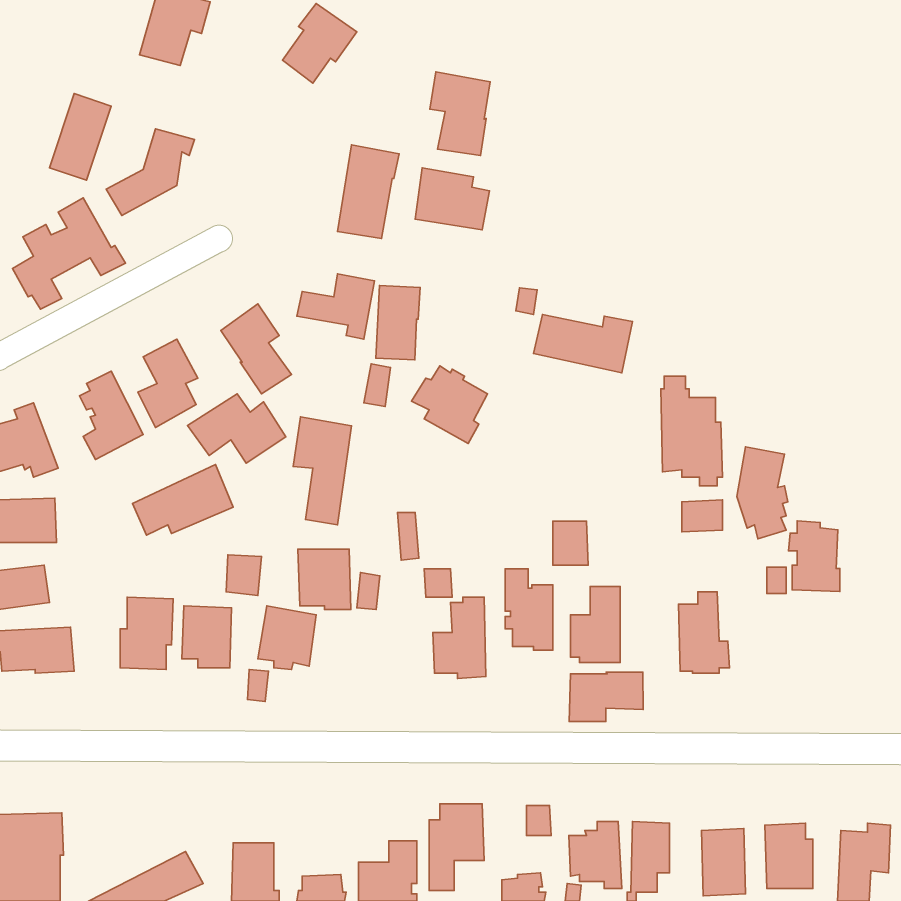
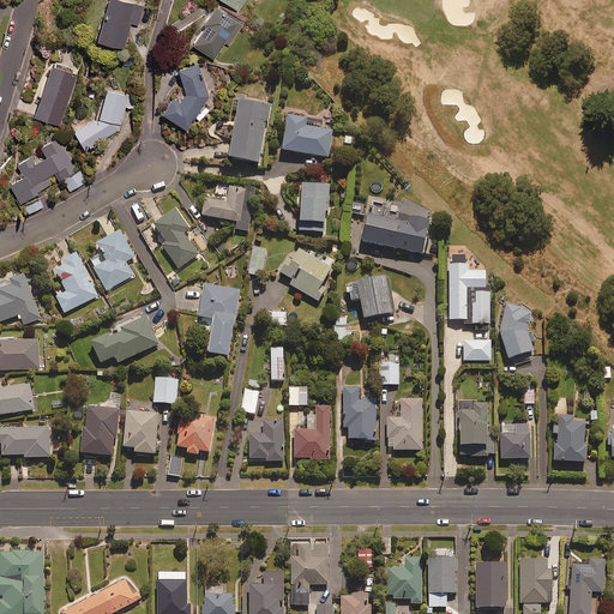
building: [430,72,490,156] -> none
building: none -> [161,59,206,125]
building: [376,286,420,360] -> [299,182,329,233]
building: [188,394,286,463] -> none
building: none -> [344,275,398,327]
building: [788,521,840,592] -> [552,414,586,462]
building: [298,549,351,609] -> [248,420,284,460]
building: none -> [500,423,531,458]
building: [569,672,643,721] -> none

